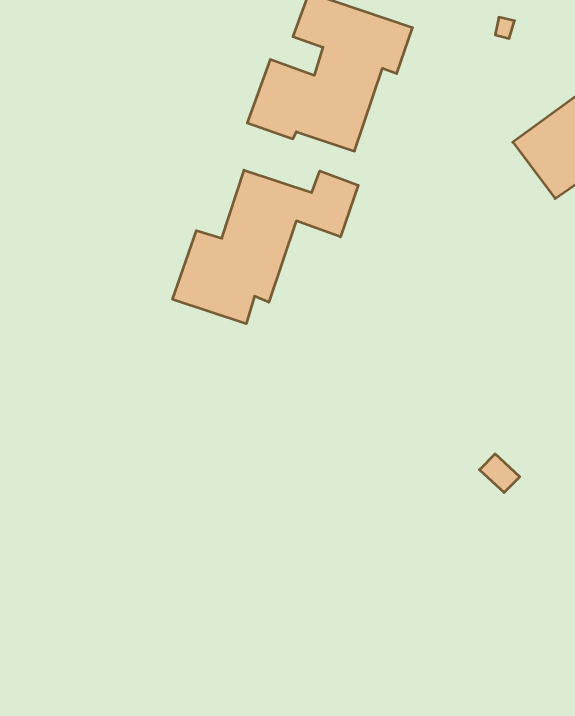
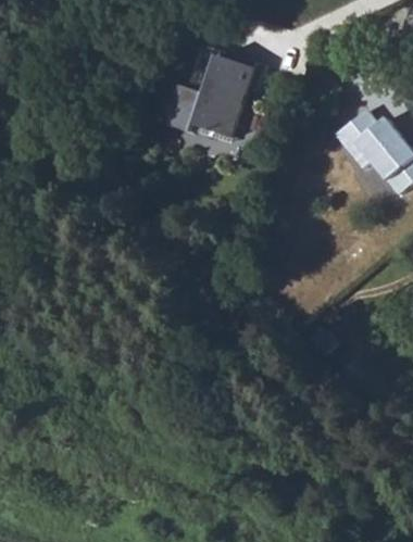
building: [173,170,358,324] -> none

